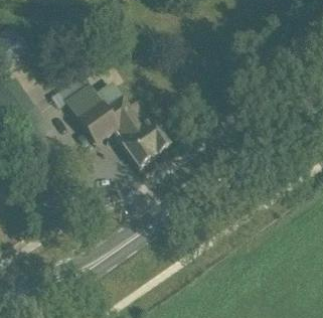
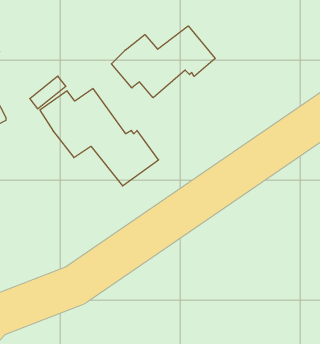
building: none -> [111,26,215,98]

